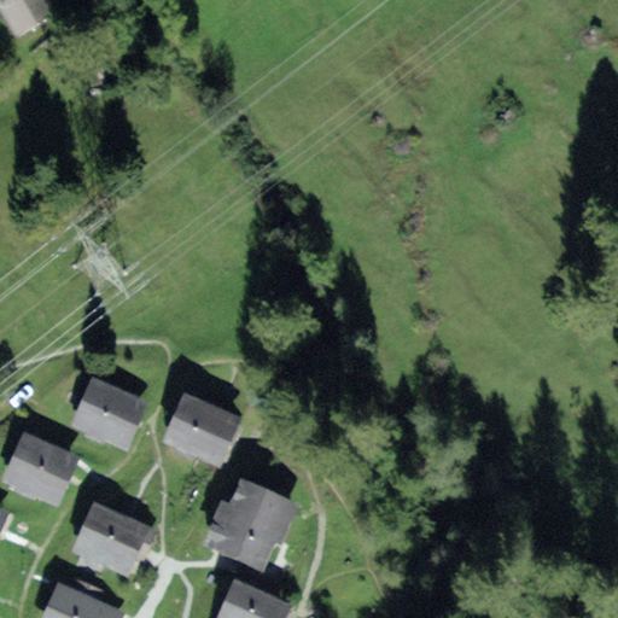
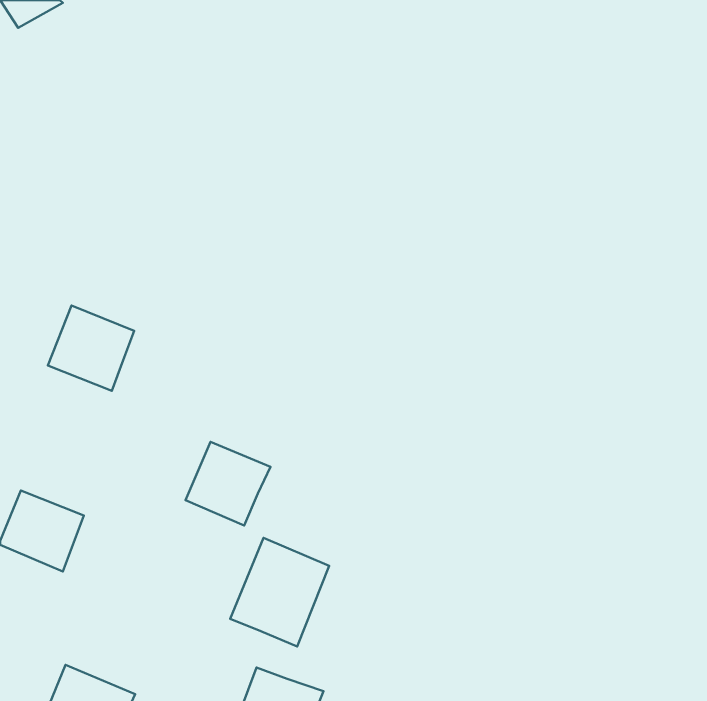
building: [72,375,147,449] -> [48,306,134,391]
building: [77,502,150,573] -> none

